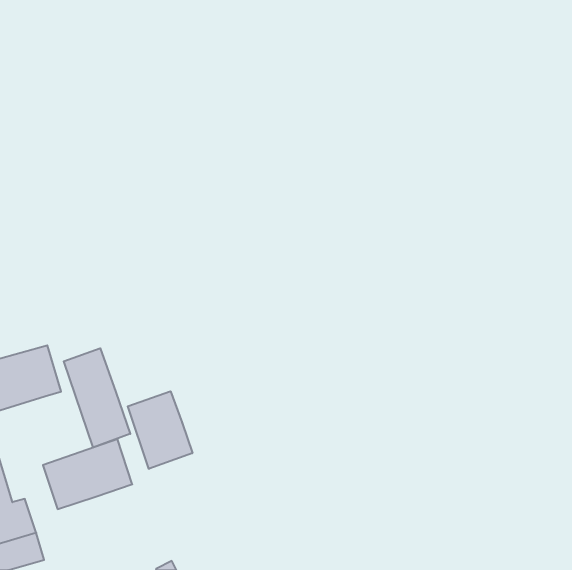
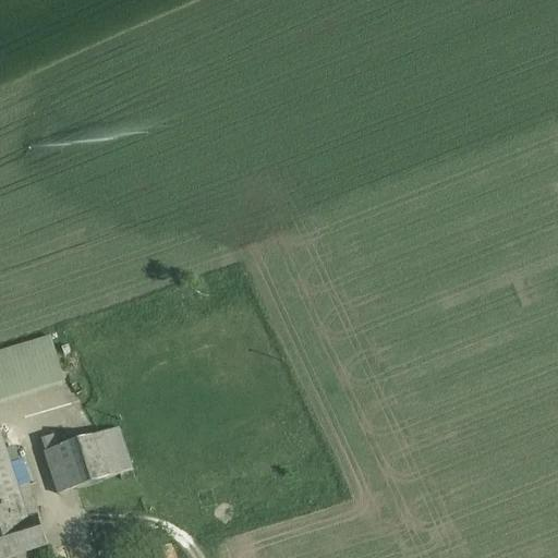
building: [64,348,130,448] -> none
building: [128,391,192,469] -> none

